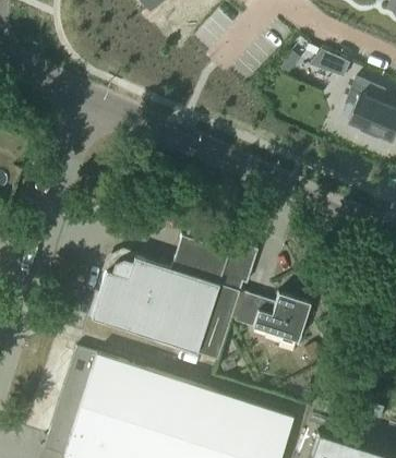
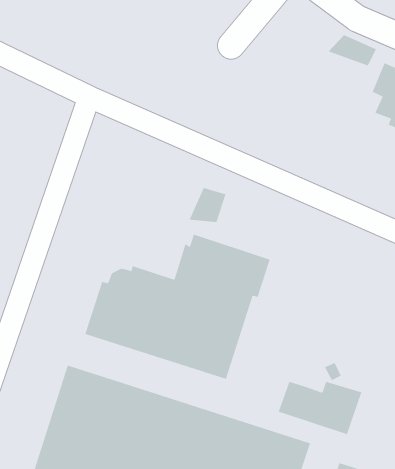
building: none -> [189,187,226,223]
building: [235,294,310,342] -> [278,381,362,435]

